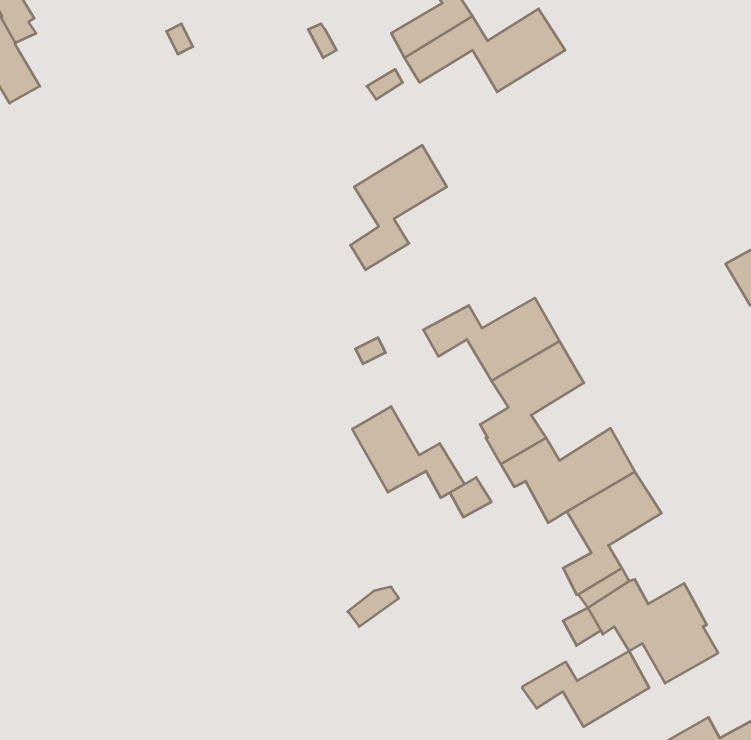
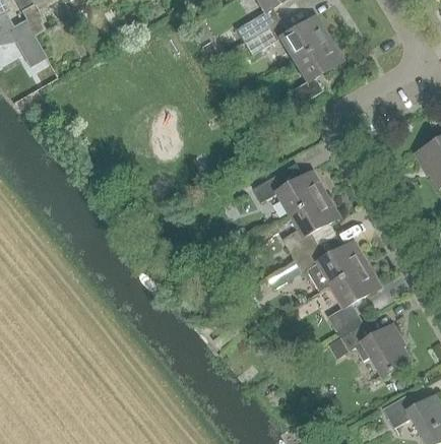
building: [350,145,447,270] -> [290,37,341,104]
building: [352,406,464,498] -> none
building: [522,651,649,727] -> none

